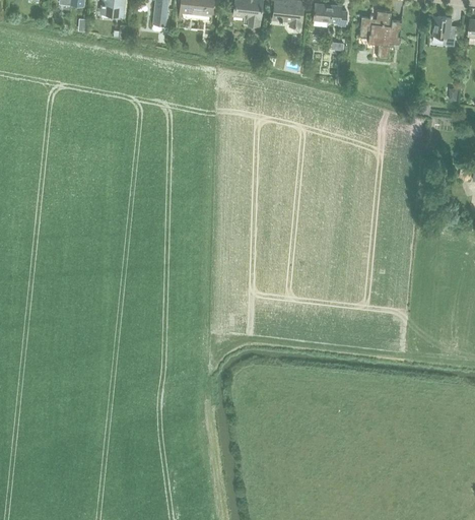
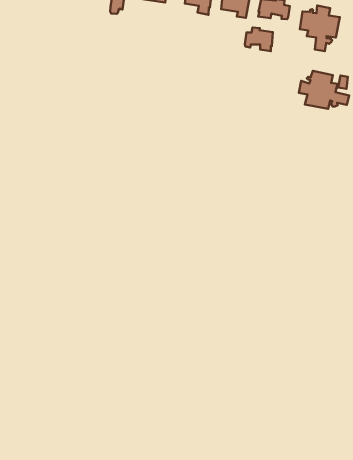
building: none -> [245,28,273,51]
building: none -> [299,71,349,109]

